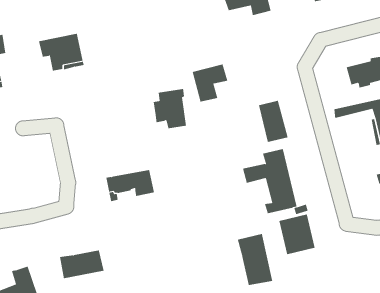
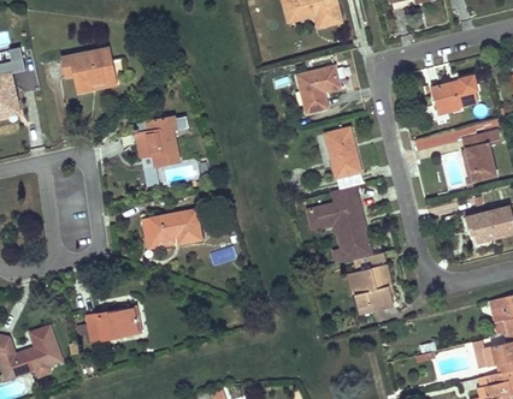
building: [192,64,228,102] -> [296,66,340,112]
building: [153,89,187,129] -> [137,117,178,165]
building: [237,233,273,286] -> none

